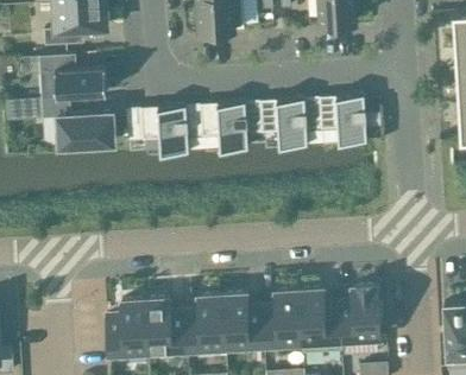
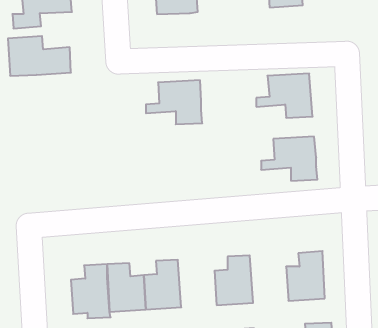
building: [40,97,113,152] -> none
building: [246,100,307,147] -> [261,137,317,181]
building: [127,107,188,154] -> none
building: [298,291,341,355] -> none
building: [221,295,263,354] -> none

